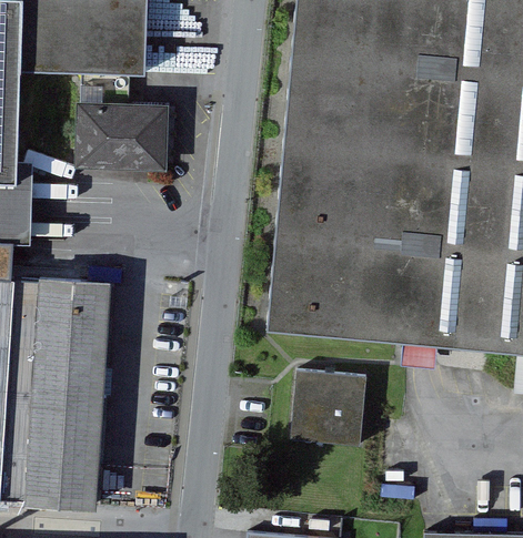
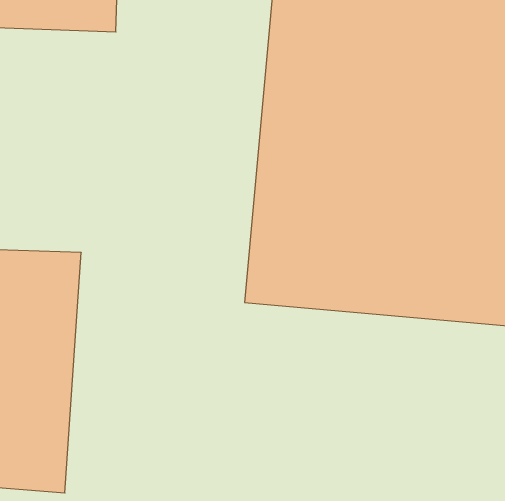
building: [74,100,168,169] -> none
building: [295,368,371,443] -> none

